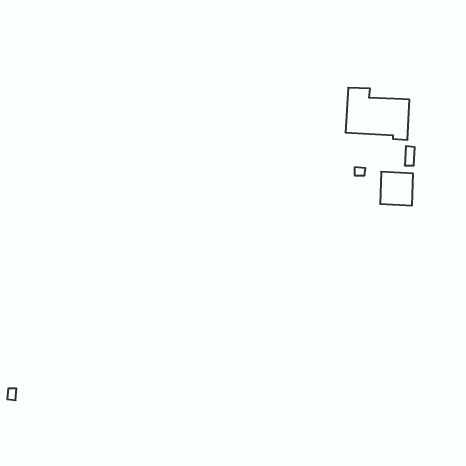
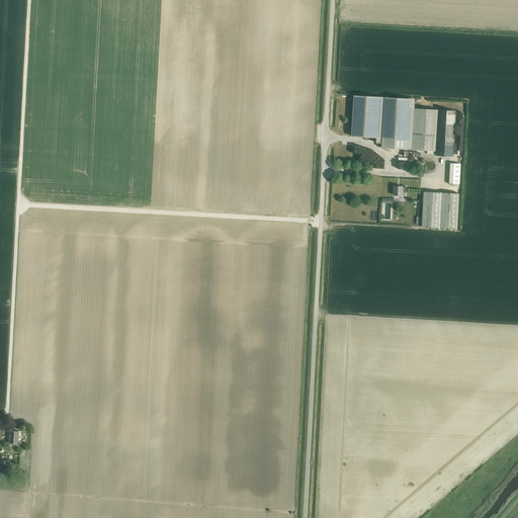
building: none -> [351,95,385,147]

